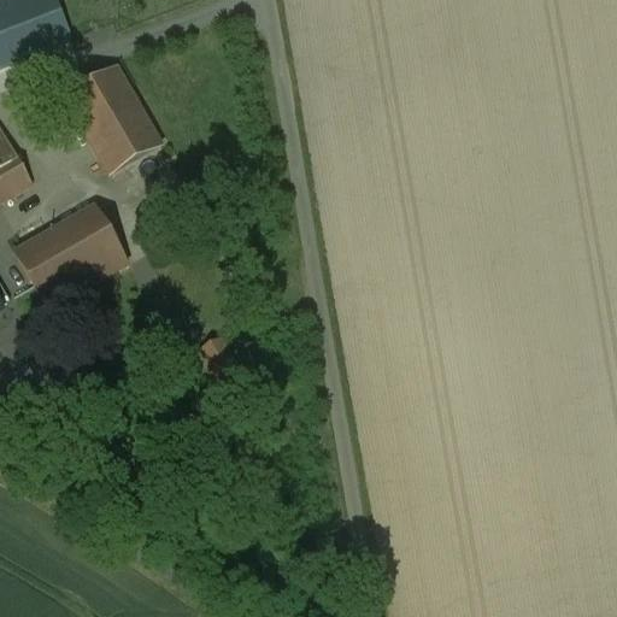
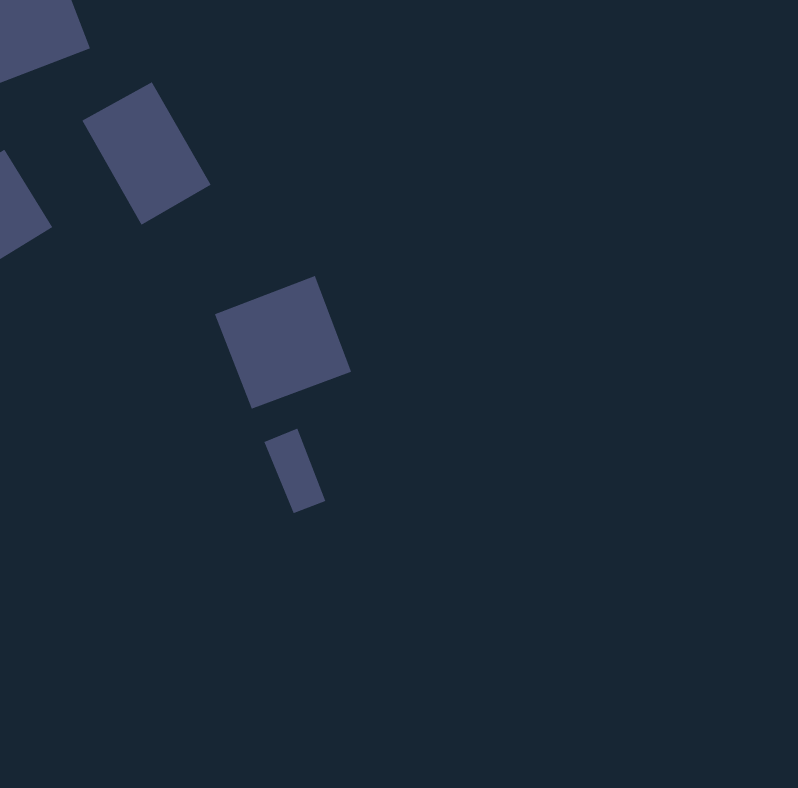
building: [12,201,127,307] -> none
building: none -> [214,275,352,409]

